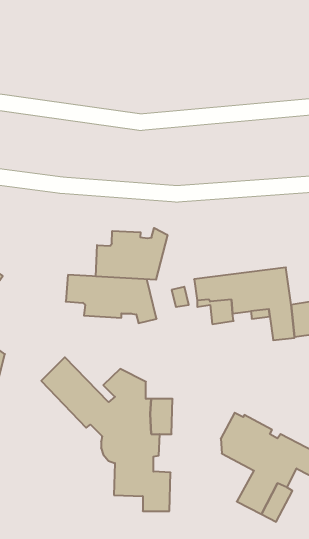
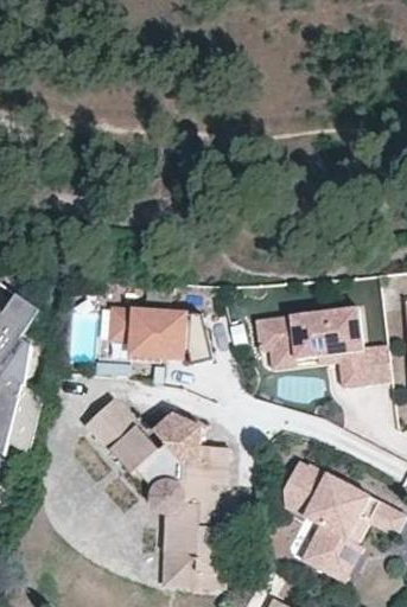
building: [96,228,167,280] -> none
building: none -> [163,552,225,588]

